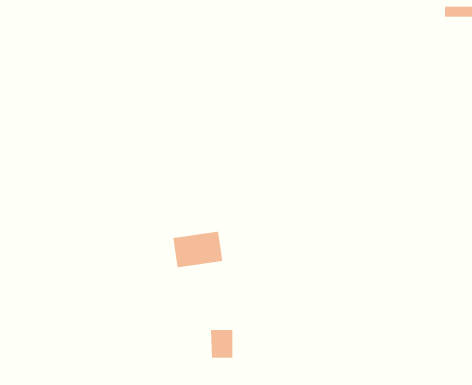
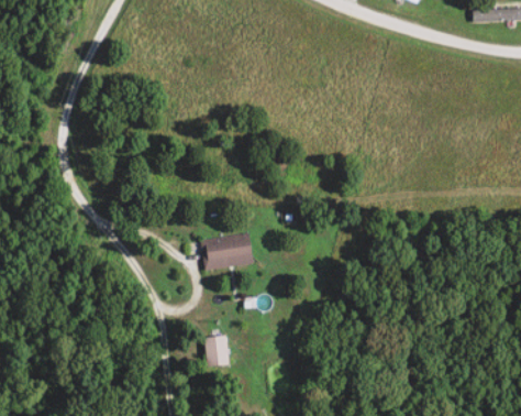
building: [210,330,233,358] -> [204,336,228,364]

